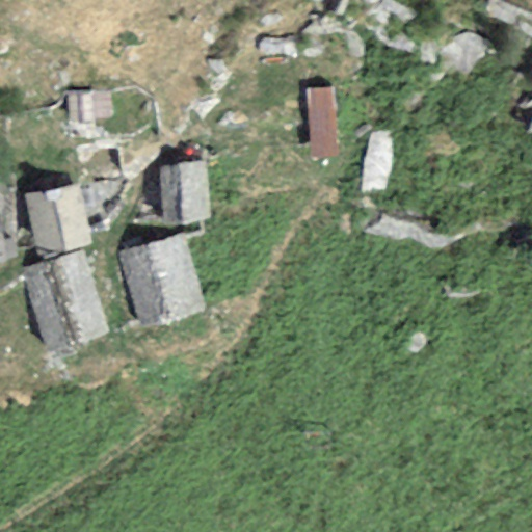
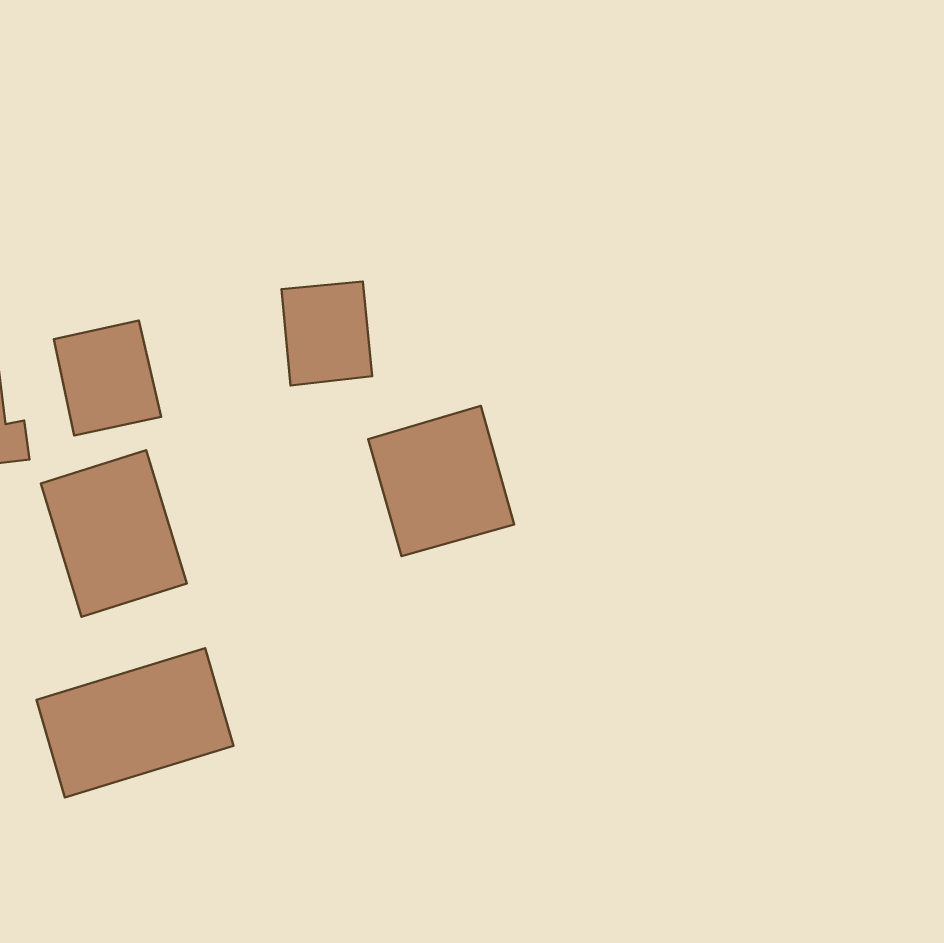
building: [119,240,202,324] -> [368,406,514,556]
building: none -> [36,648,233,797]

